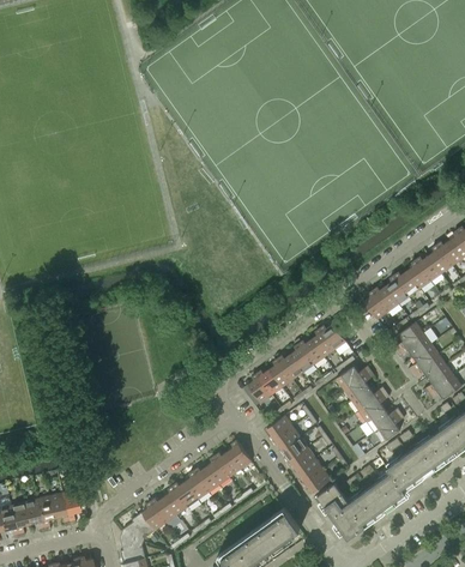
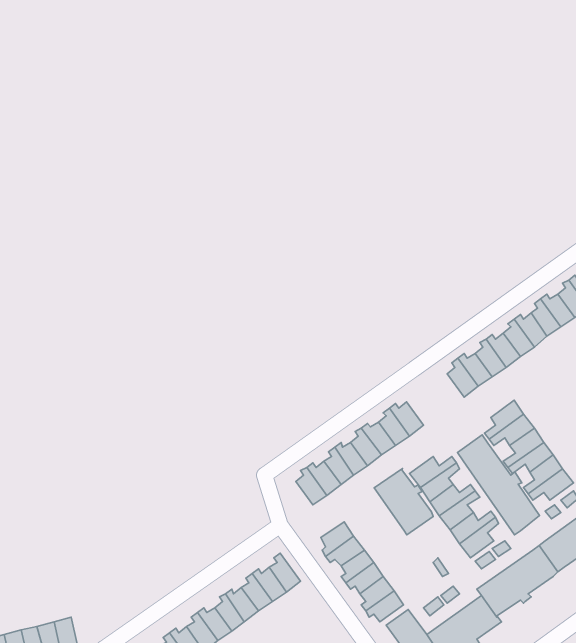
building: none -> [457,435,539,535]
building: none -> [374,469,433,535]

